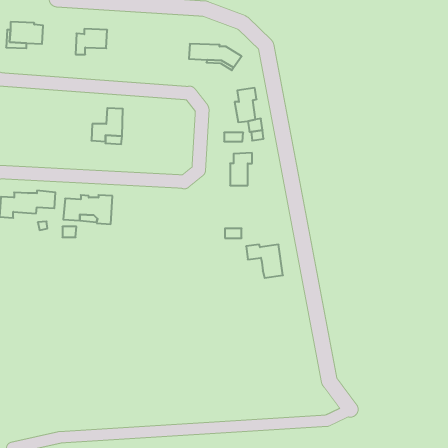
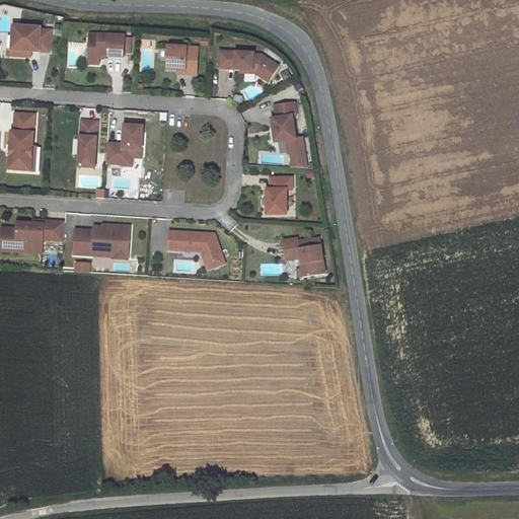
building: none -> [166,45,198,74]
building: none -> [9,114,33,170]
building: none -> [78,121,97,167]
building: none -> [168,231,224,269]
building: [246,245,283,278] -> [282,237,324,276]

